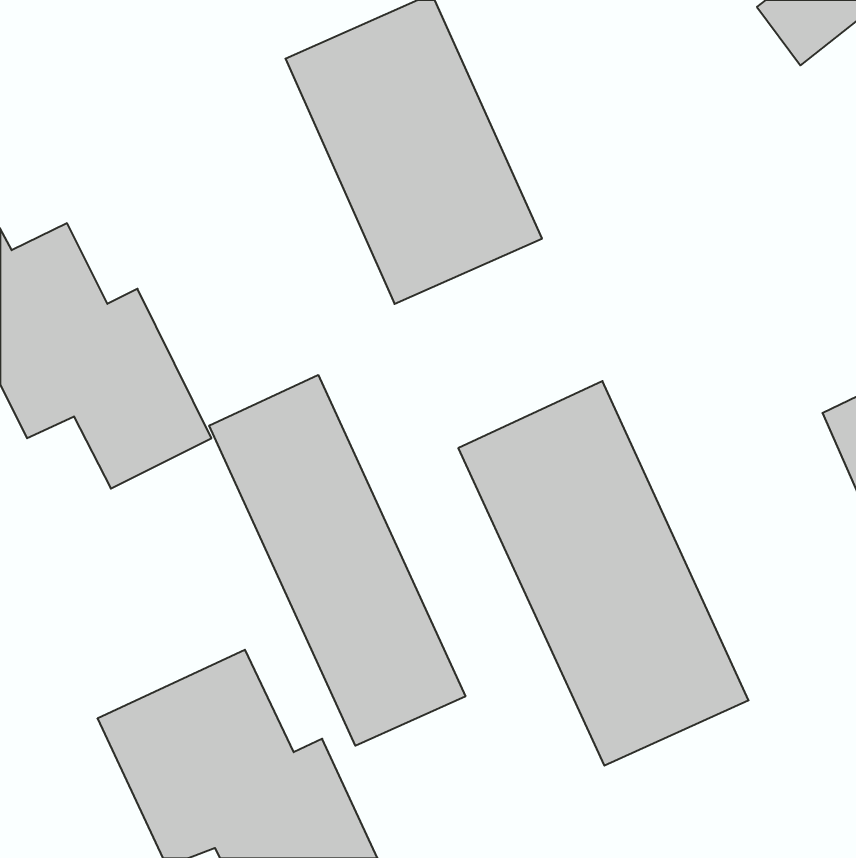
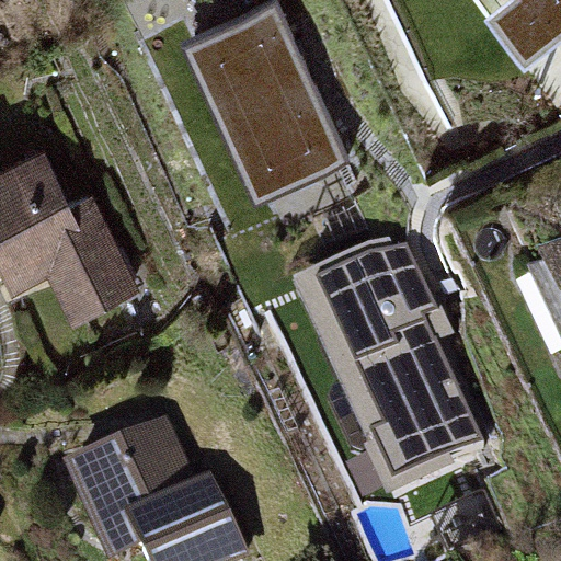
building: [209,375,465,746] -> none

